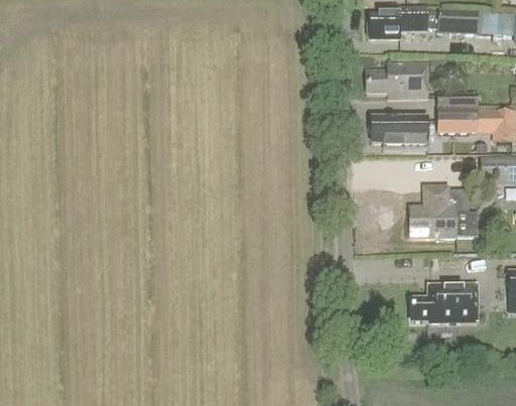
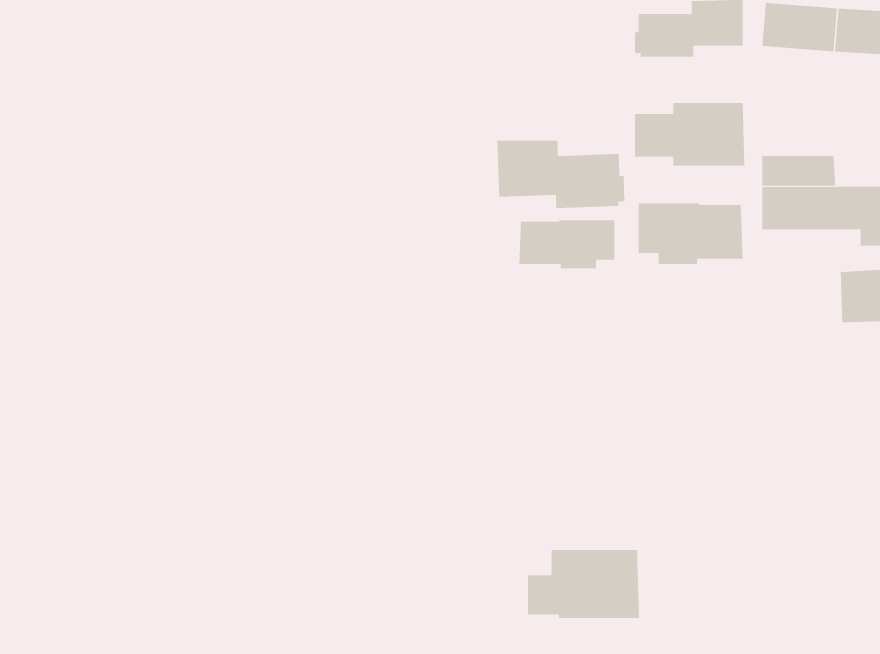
building: none -> [497,140,625,209]
building: none -> [519,219,615,269]
building: [410,184,479,237] -> none
building: [415,282,478,320] -> [527,549,640,618]

